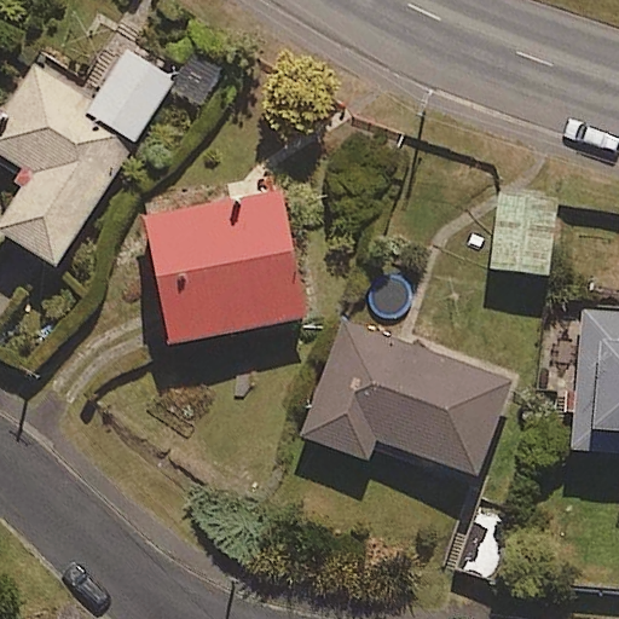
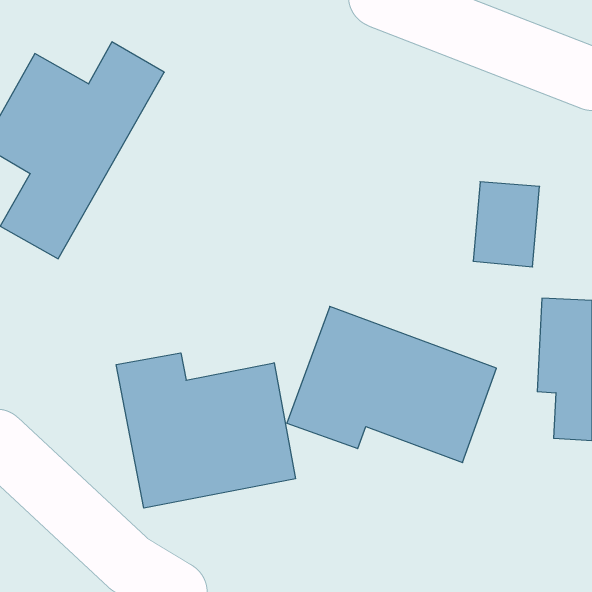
building: [147,183,311,348] -> none
building: none -> [116,353,295,508]

